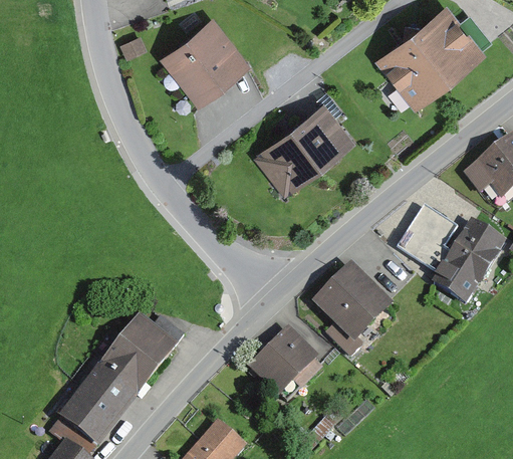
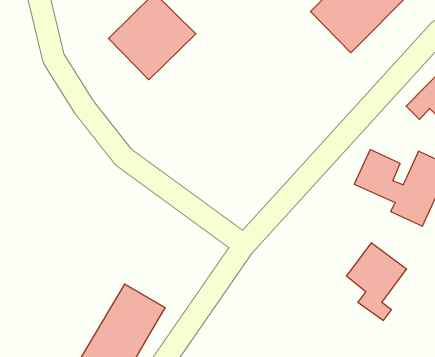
building: [251,101,356,197] -> none
building: [317,270,381,354] -> [346,243,407,320]
building: [249,328,319,398] -> none

